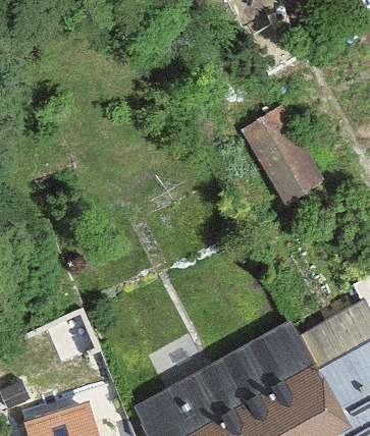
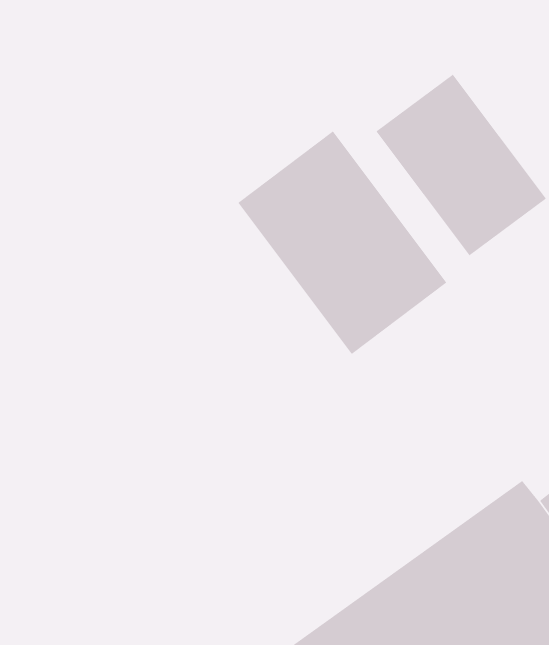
building: none -> [237,131,447,355]

